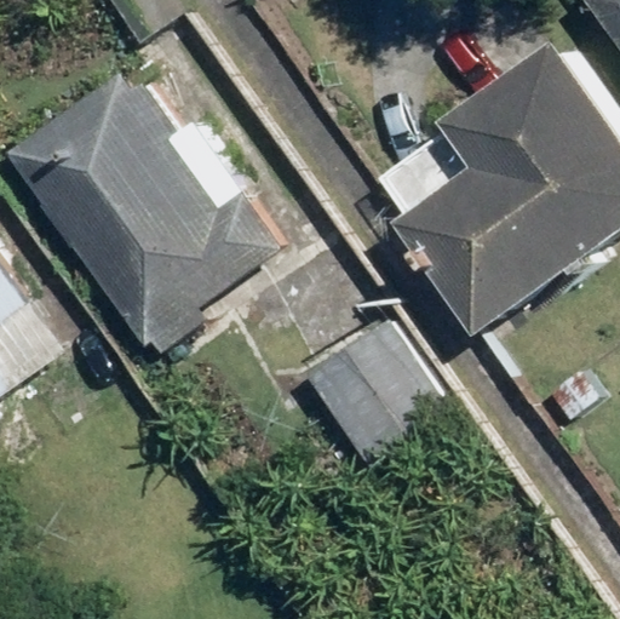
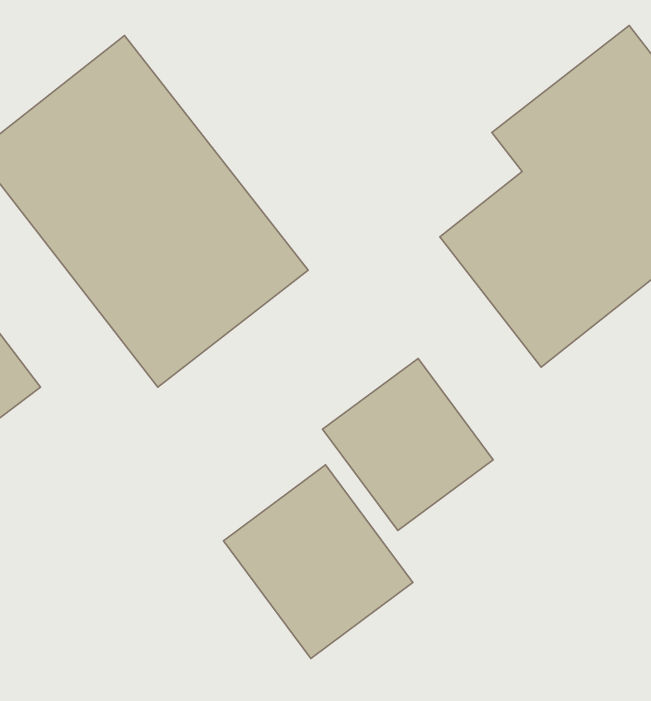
building: none -> [223,465,413,658]

